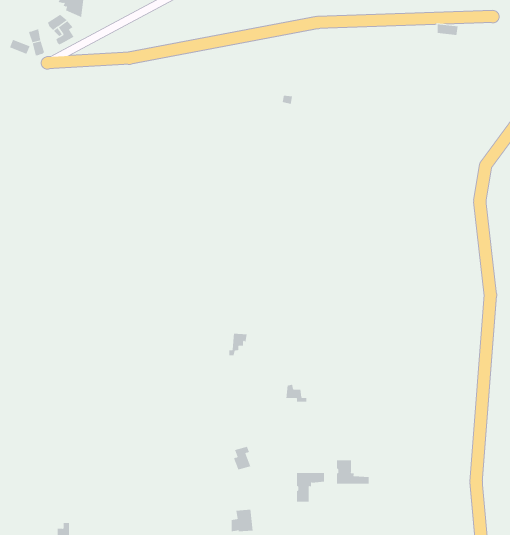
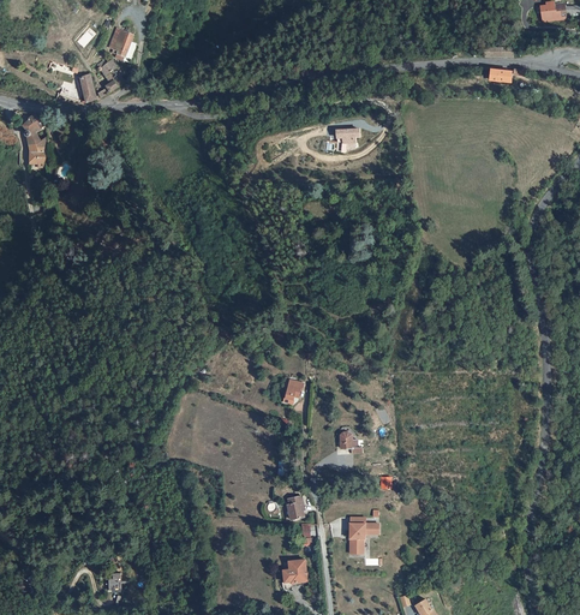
building: [336,460,369,485] -> none

